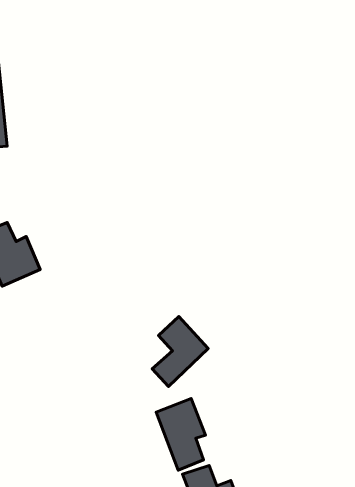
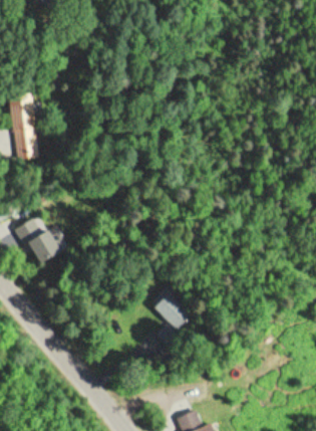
building: [156,399,205,470] -> none

